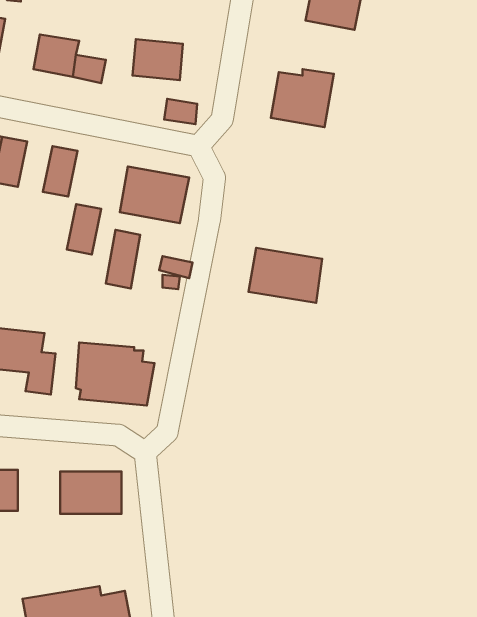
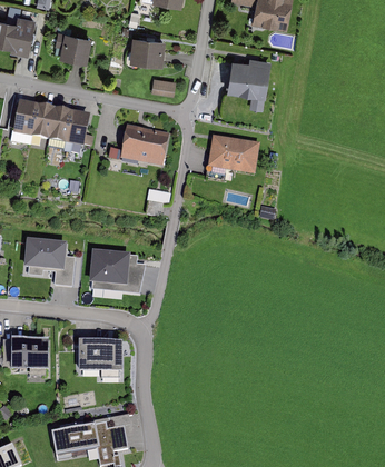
building: [67,204,101,254] -> [47,107,71,142]
building: [106,230,140,288] -> none
building: [248,248,322,303] -> [206,135,258,173]

